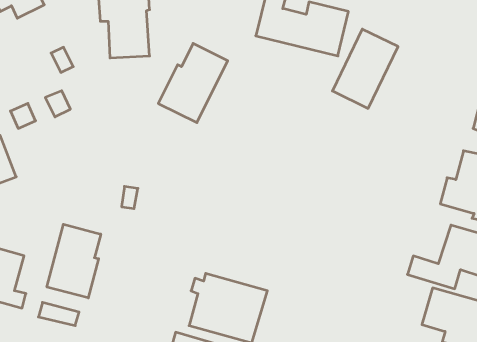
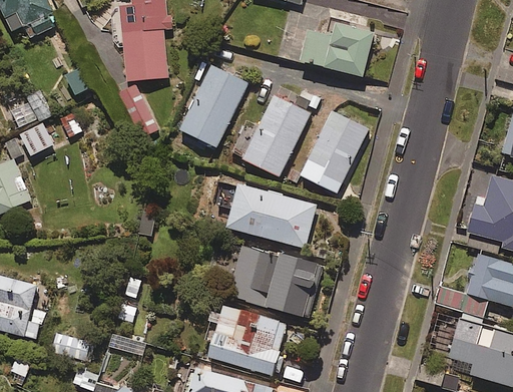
building: [332,29,398,108] -> [301,110,369,192]
building: none -> [242,94,311,175]
building: none -> [219,181,318,248]
building: none -> [229,245,324,317]
building: [47,224,101,298] -> none

